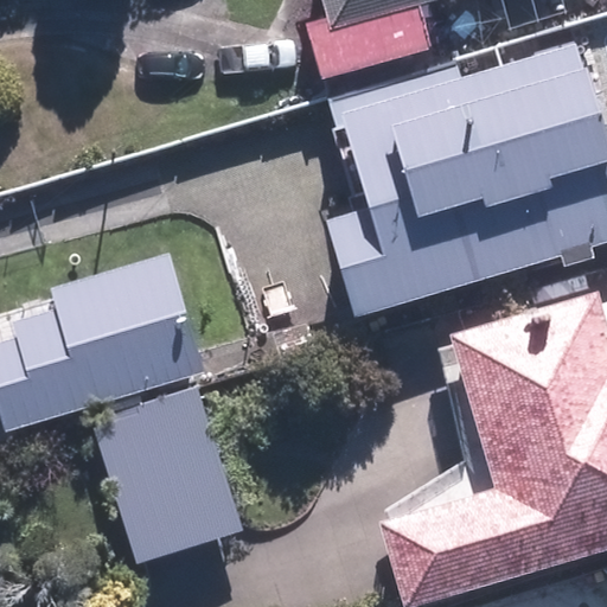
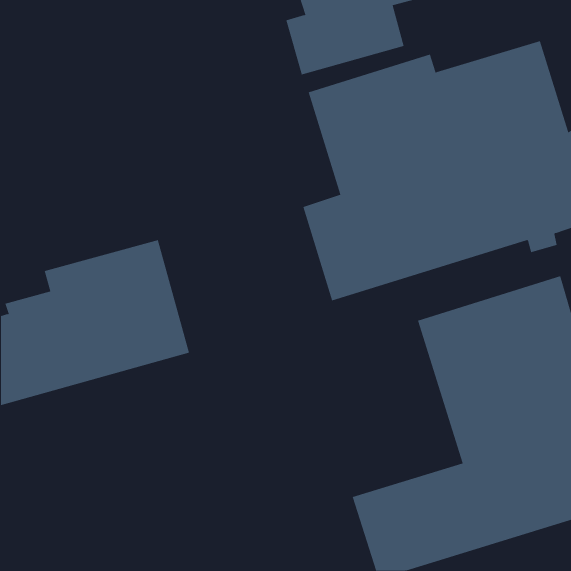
building: [95,385,247,561] -> none

